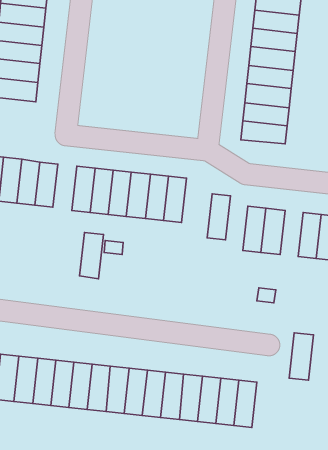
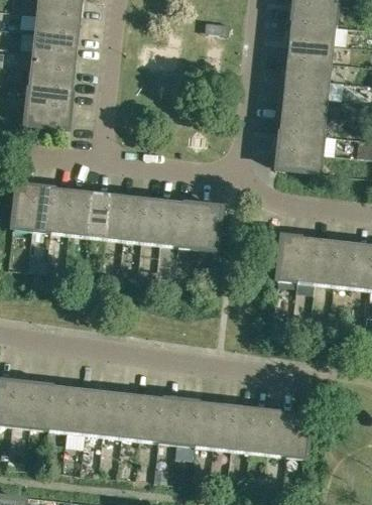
building: [207,194,230,240] -> [314,238,337,284]
building: [79,233,104,279] -> [86,192,110,238]
building: [289,333,313,380] -> [285,410,309,458]

